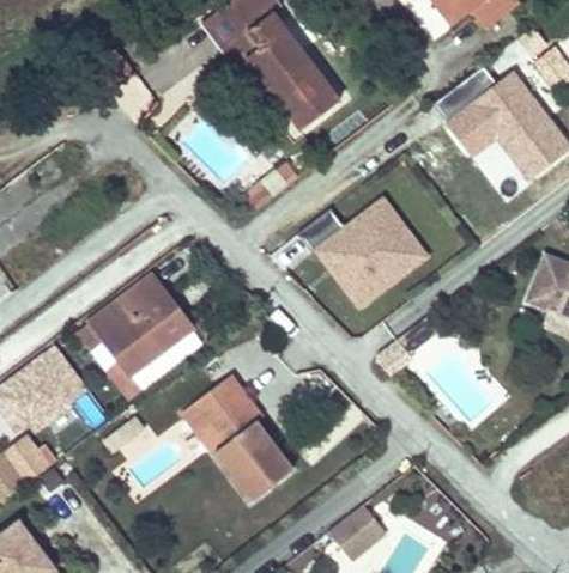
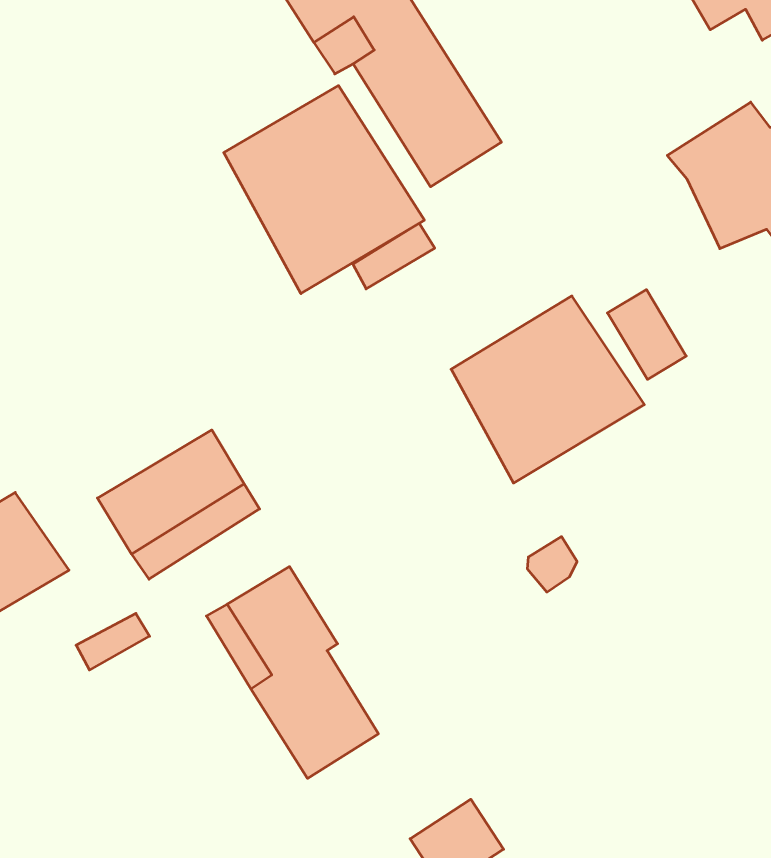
building: none -> [224,86,424,294]
building: none -> [607,290,686,379]
building: [90,273,172,343] -> none

